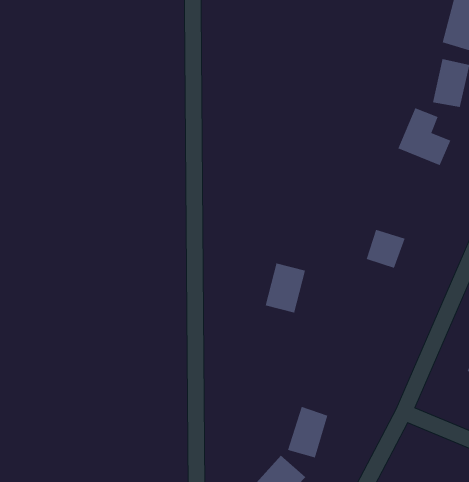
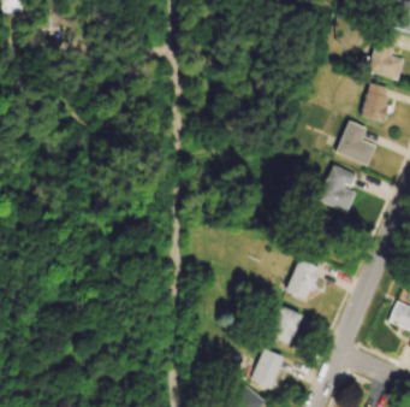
building: none -> [319,165,356,212]
building: [265,263,306,313] -> [287,260,319,299]
building: none -> [269,306,302,344]

